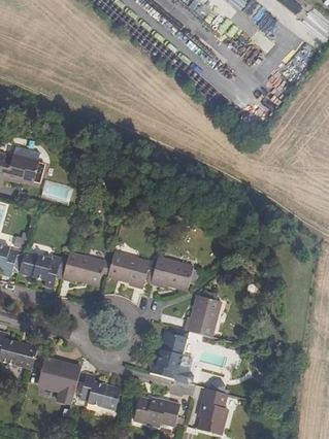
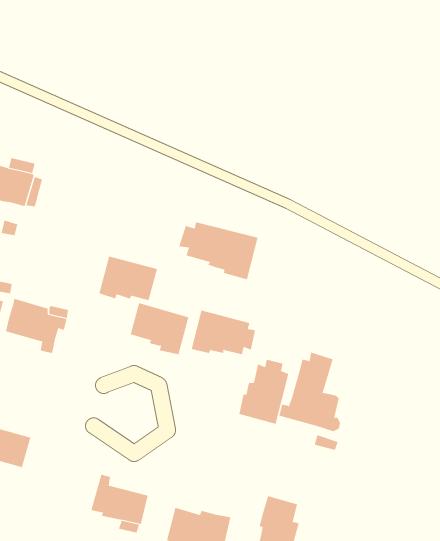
building: none -> [179,221,258,280]
building: [62,250,104,282] -> [98,256,158,301]
building: [149,326,193,382] -> [279,352,341,432]
building: [39,357,81,402] -> none

